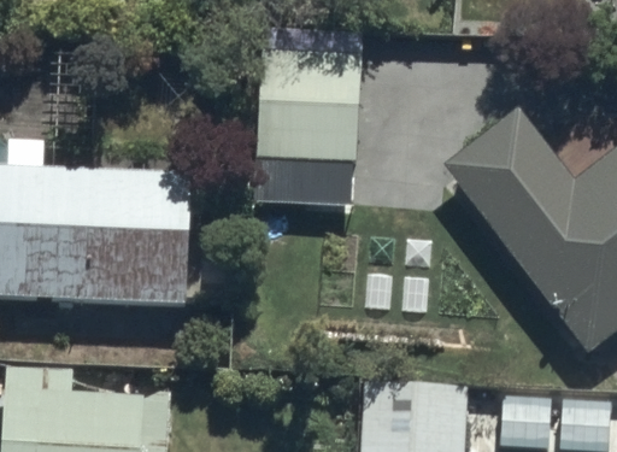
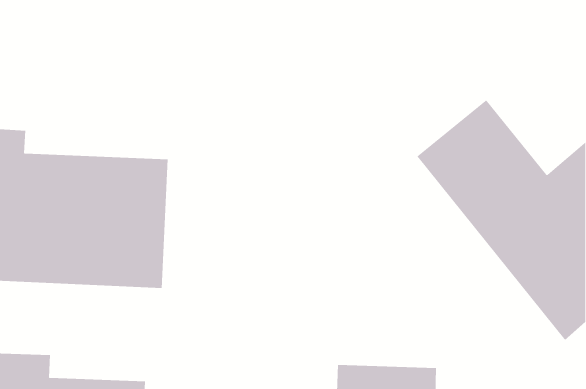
building: [266,30,363,227] -> none

